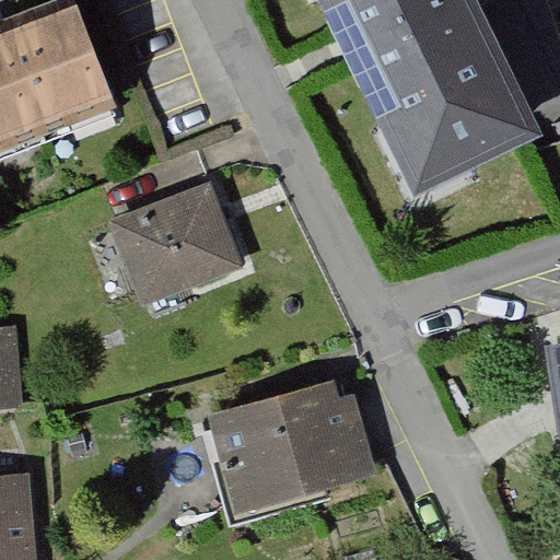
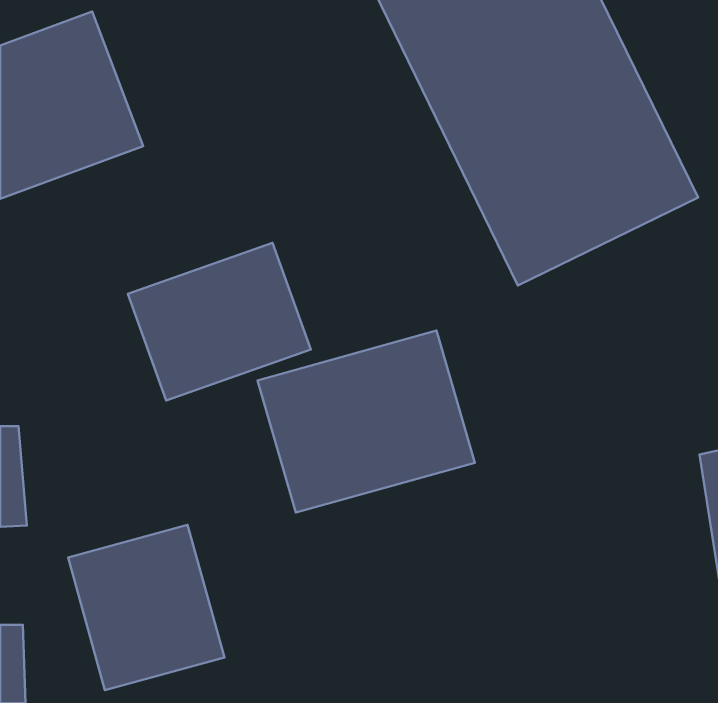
building: [208,378,375,518] -> [258,331,475,512]
building: none -> [68,525,224,690]

